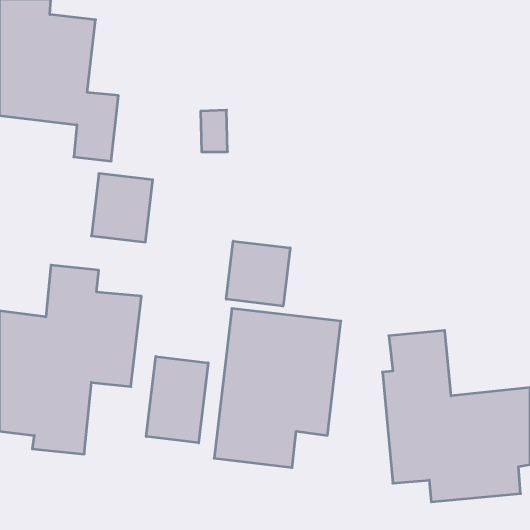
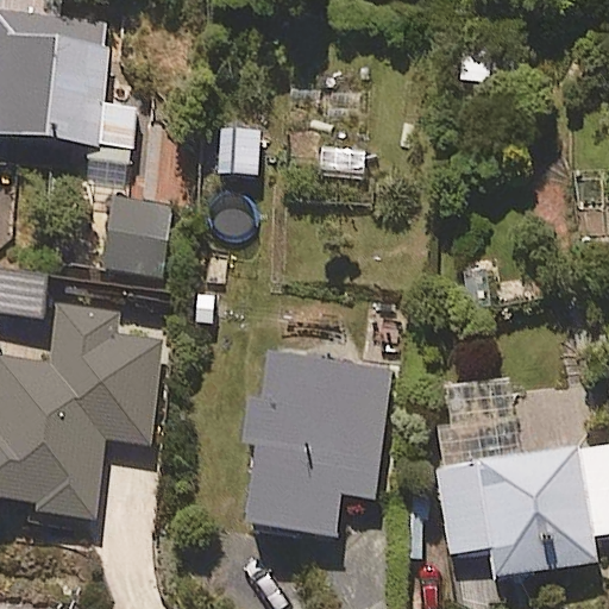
building: [226,241,290,306] -> none
building: [146,356,208,443] -> none

